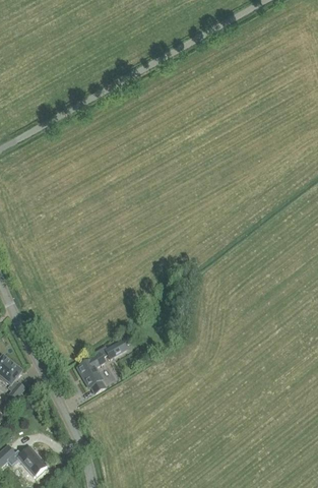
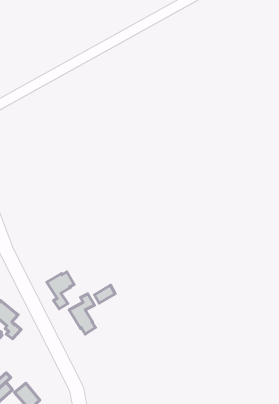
building: none -> [47,272,74,309]

